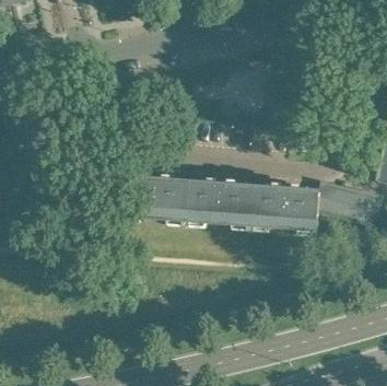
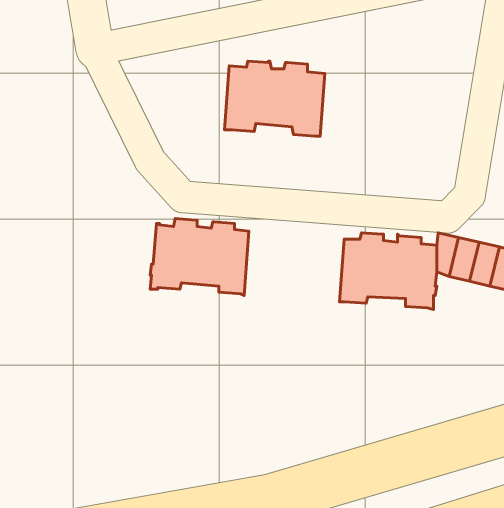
building: [183,177,253,230] -> [224,61,325,136]

